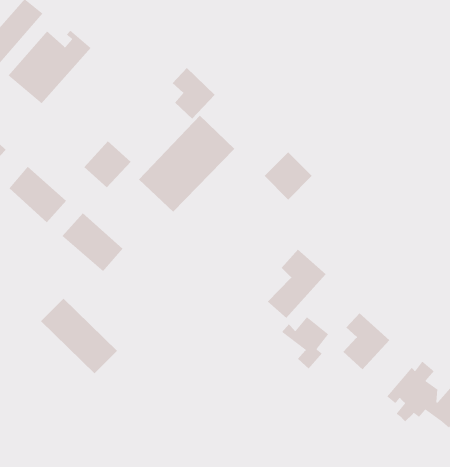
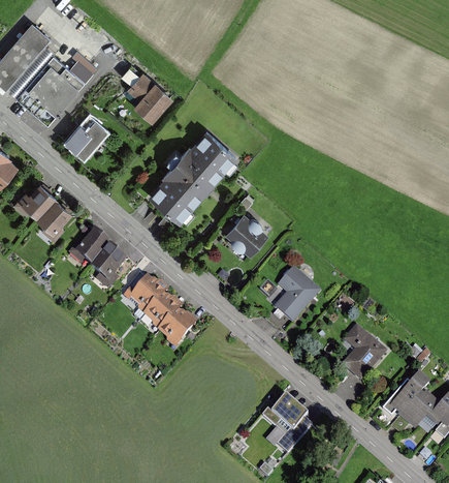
building: [172,67,216,119] -> [129,69,171,120]
building: [84,140,131,188] -> [65,116,111,162]
building: [264,151,313,200] -> [221,214,268,262]
building: [40,298,118,374] -> [123,274,198,349]
building: [281,316,329,369] -> [263,403,310,455]

